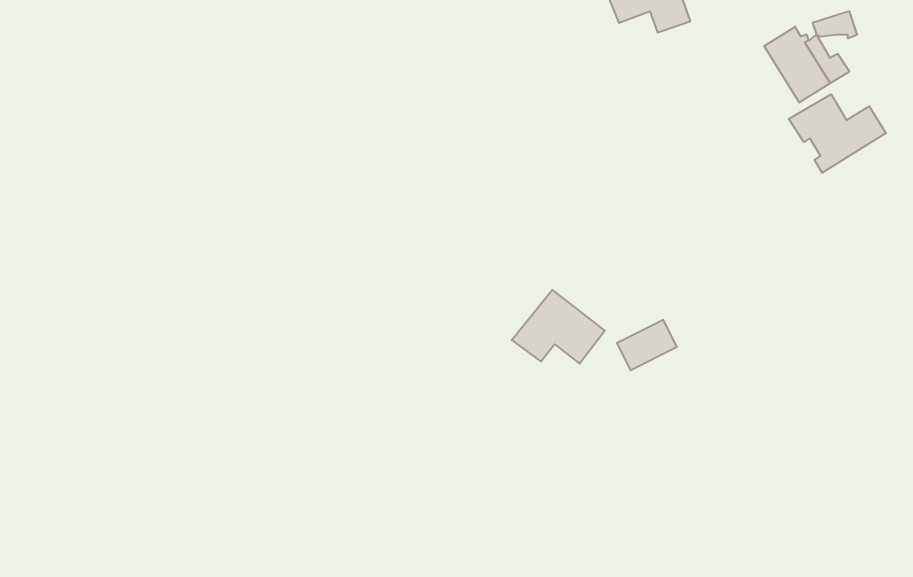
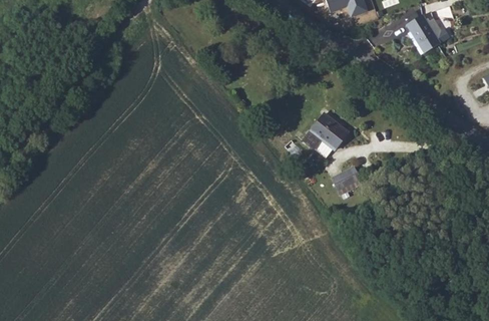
building: [789,94,886,173] -> none
building: [512,290,605,364] -> [302,111,350,149]

